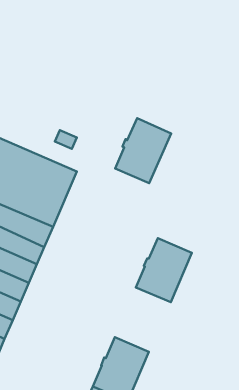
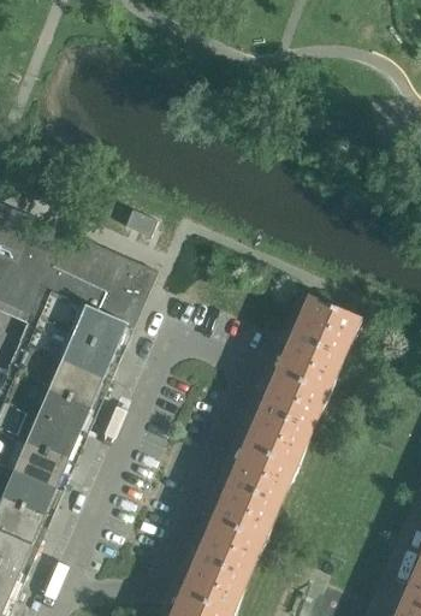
building: [115,118,171,183] -> [275,297,358,393]
building: none -> [212,445,295,540]

